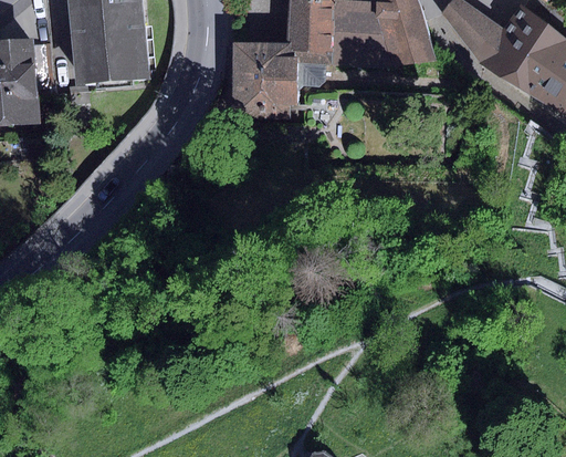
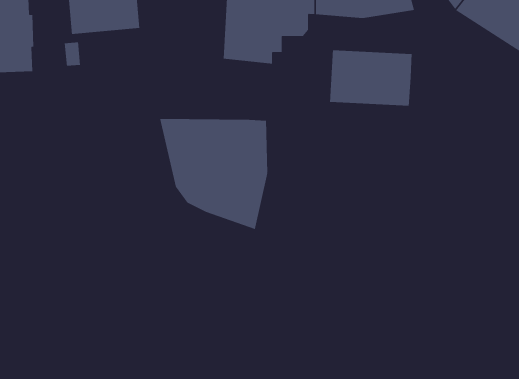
building: none -> [330,49,412,107]
building: none -> [160,118,268,230]

